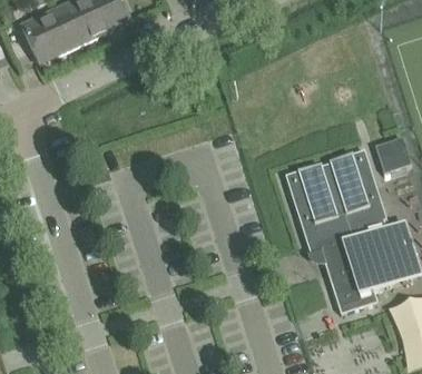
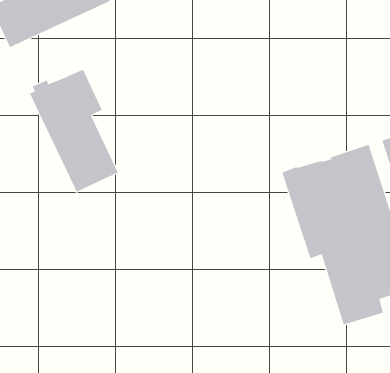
building: none -> [29,69,119,192]

